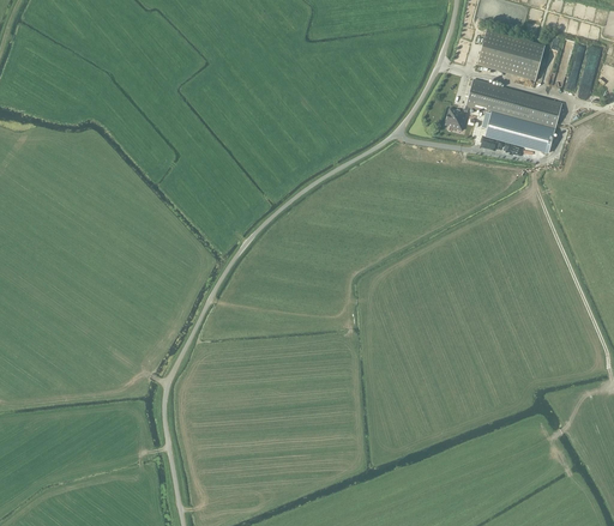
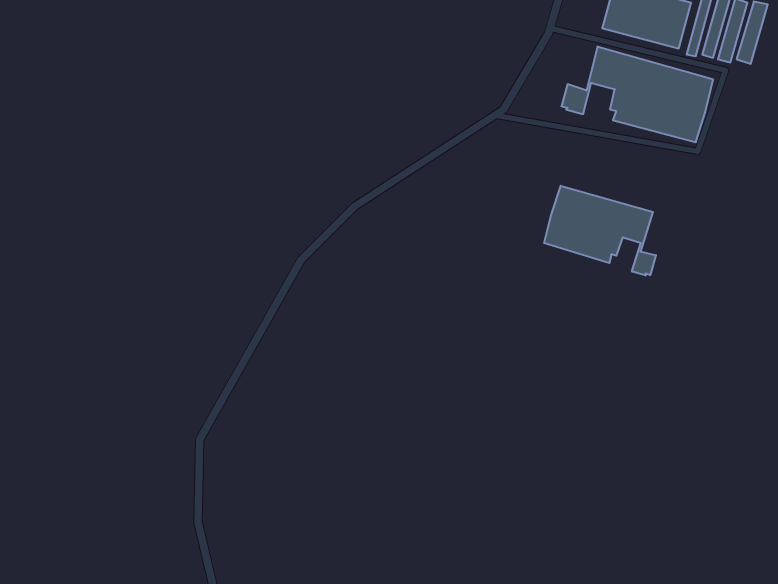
building: none -> [544,186,656,276]

